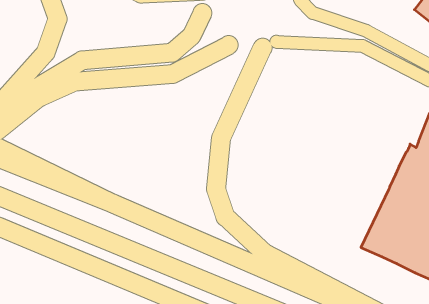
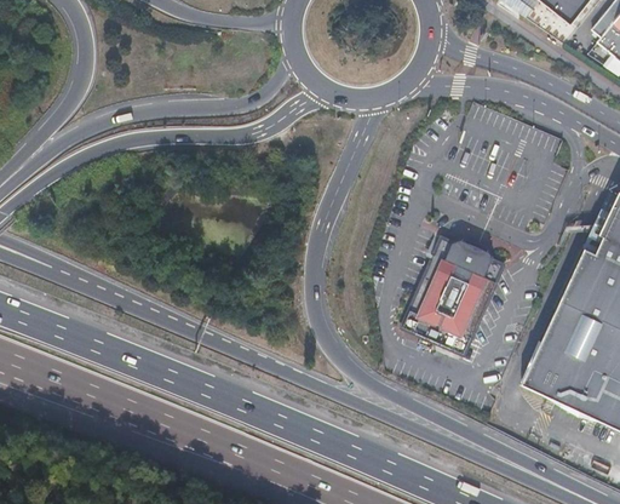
building: none -> [412,242,498,340]

